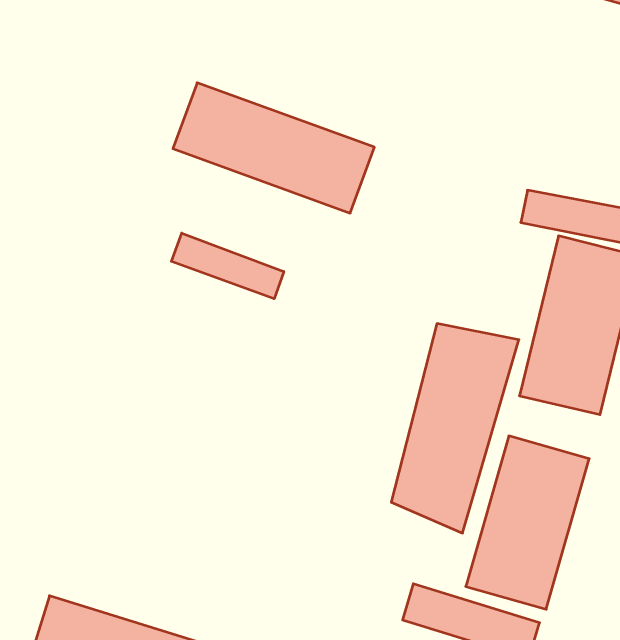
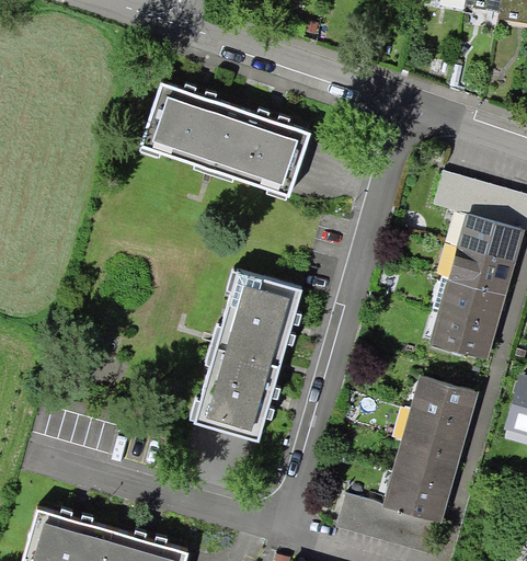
building: [171,233,284,299] -> none
building: [391,324,519,533] -> [202,273,306,444]

